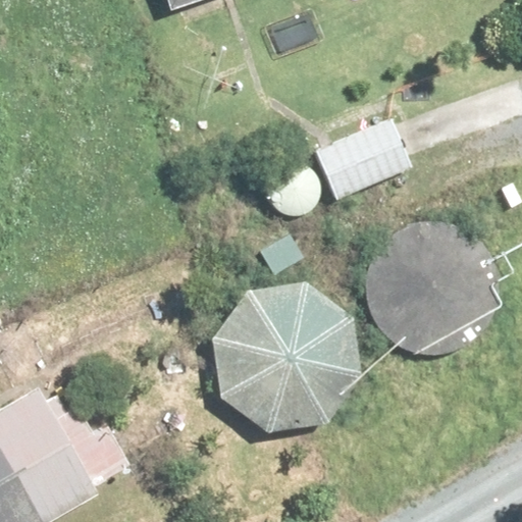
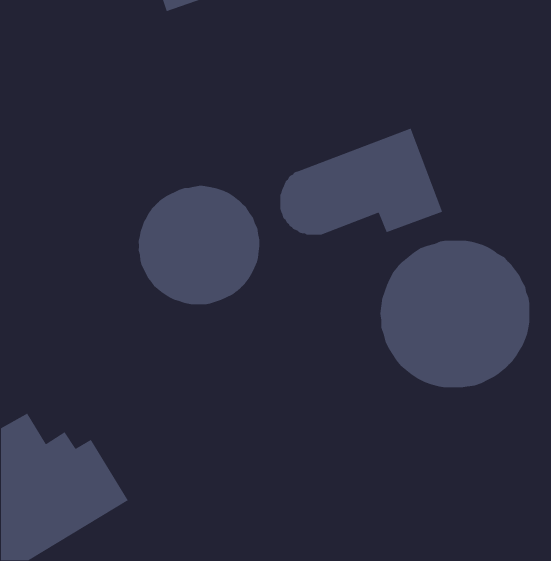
building: none -> [138,185,260,305]
building: [208,280,360,432] -> none

